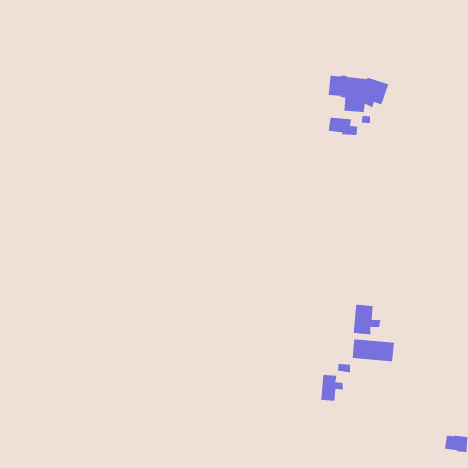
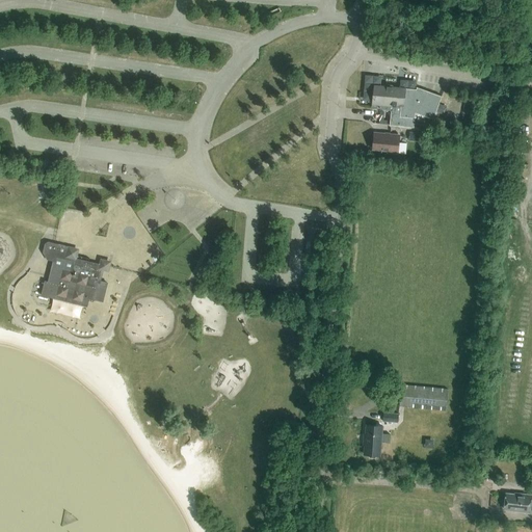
building: none -> [41,242,107,307]
building: [353,304,381,335] -> none

